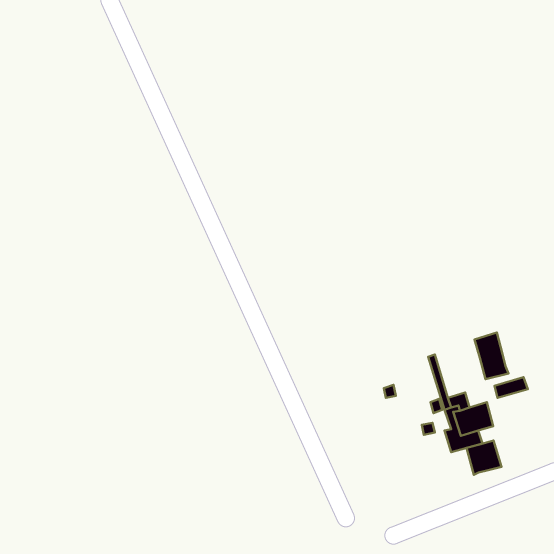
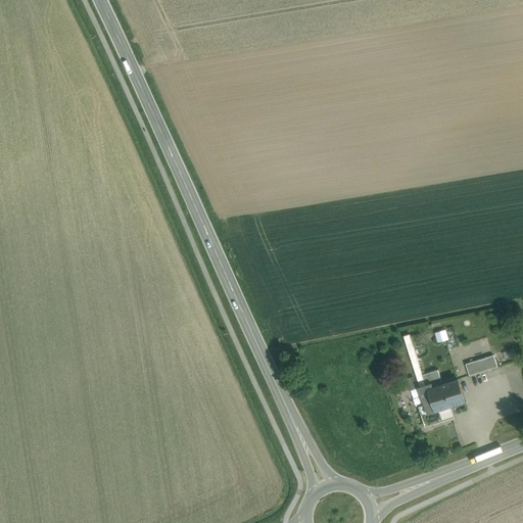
building: [474,333,508,379] -> none
building: [466,440,501,475] -> none

